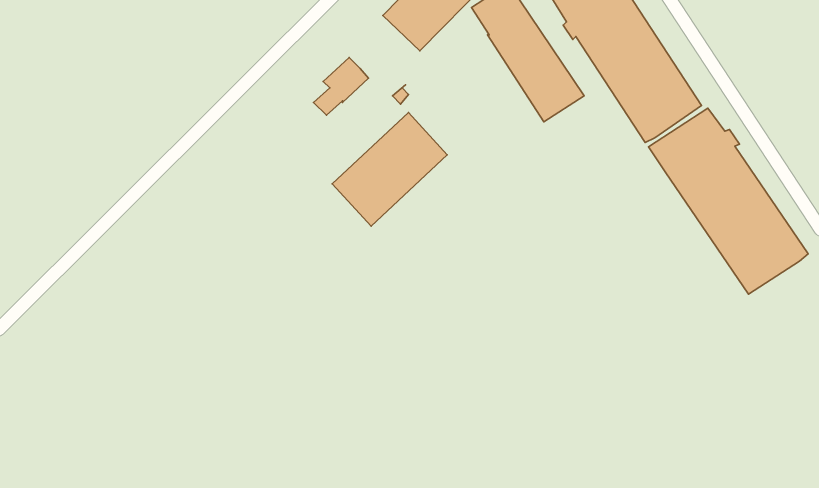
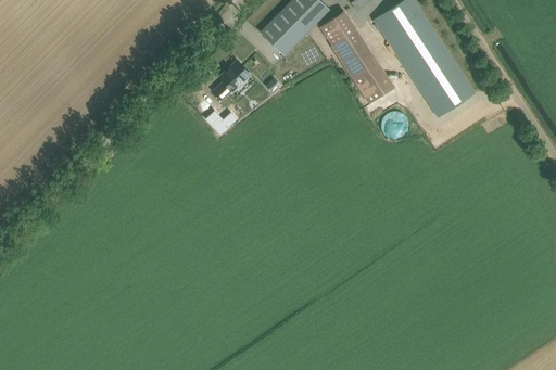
building: [649,108,808,294] -> none
building: [332,112,447,226] -> none

